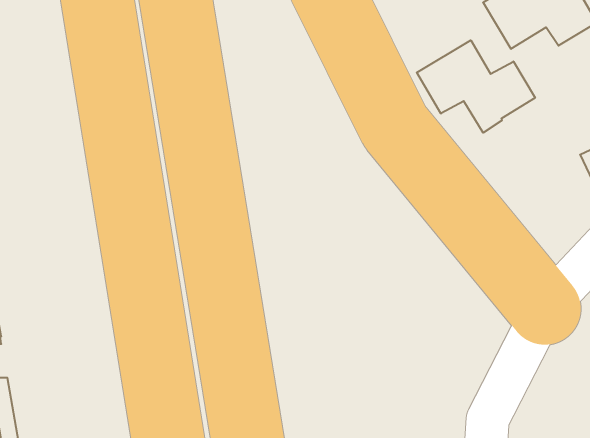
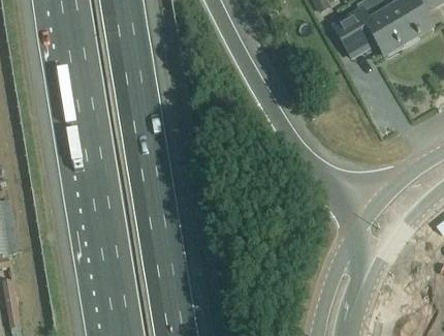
building: [417,40,535,133] -> none

